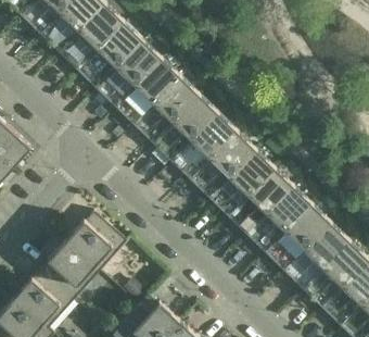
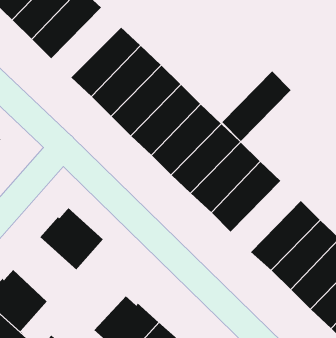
building: [76,21,142,87] -> none
building: [245,185,311,252] -> [221,71,292,142]
building: [40,238,100,299] -> none

